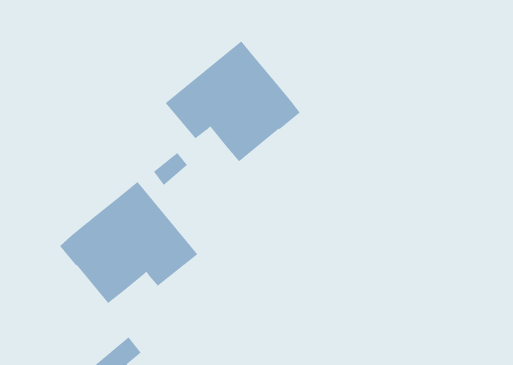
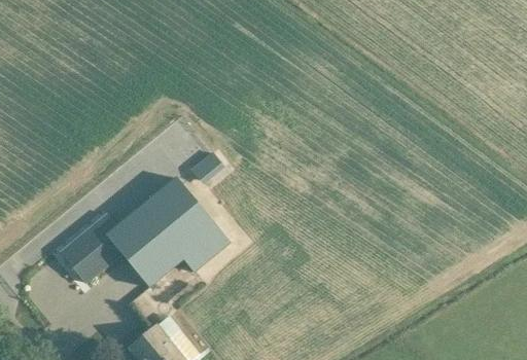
building: [165,41,300,162] -> none
building: none -> [72,215,120,282]

